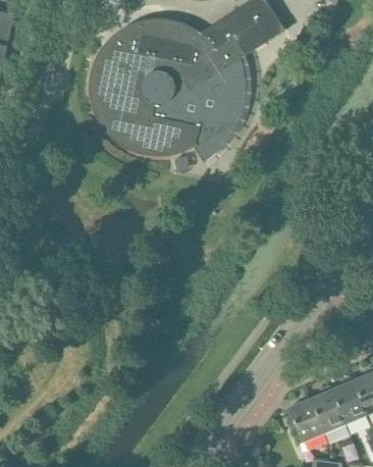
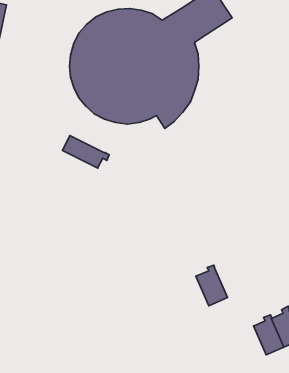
building: none -> [62,135,109,168]
building: [287,395,325,444] -> [196,265,227,306]

